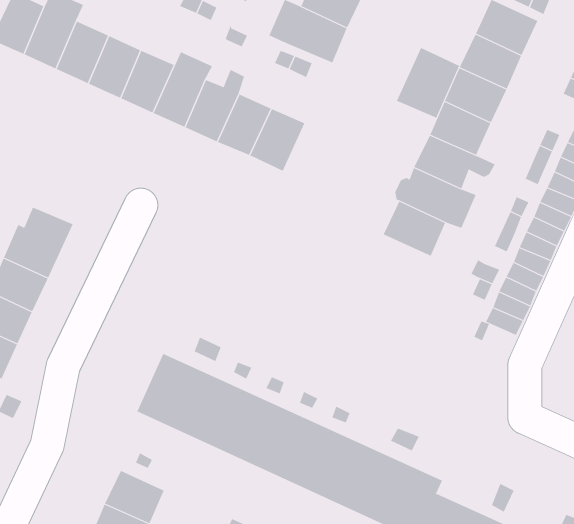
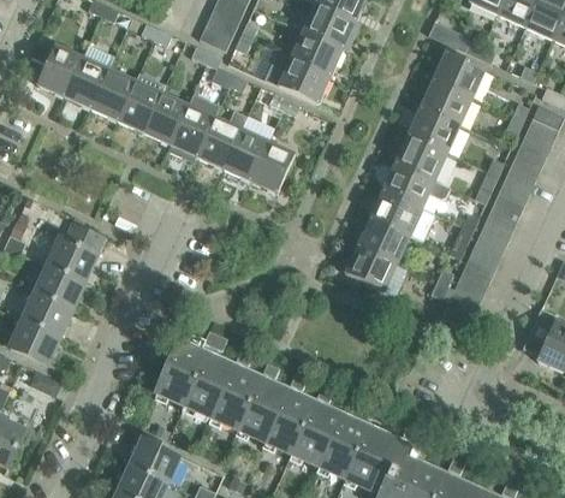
building: [396,47,460,118] -> none
building: none -> [345,244,398,291]

